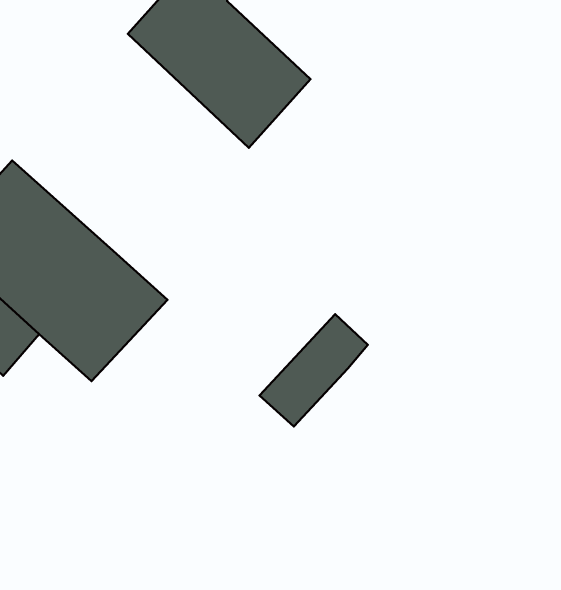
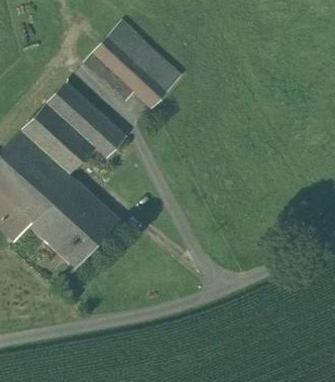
building: none -> [15,80,121,175]
building: [259,314,368,426] -> [60,203,120,265]

